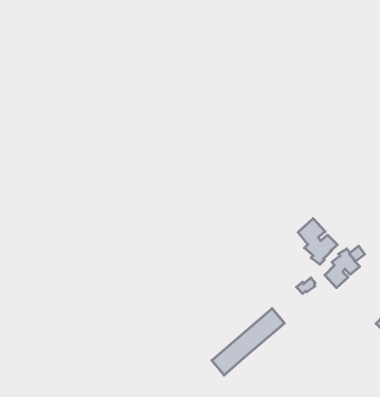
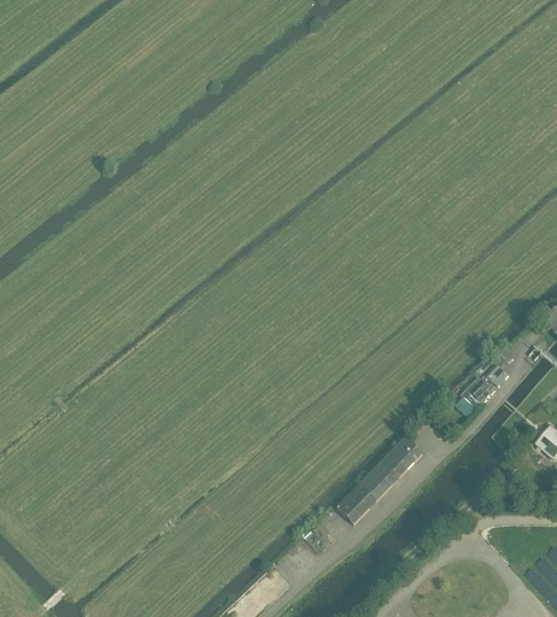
building: [298,218,337,264] -> none

